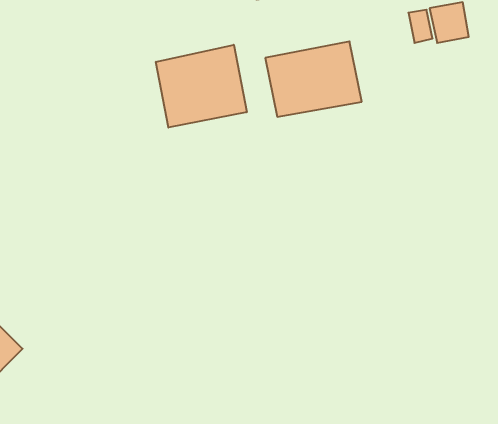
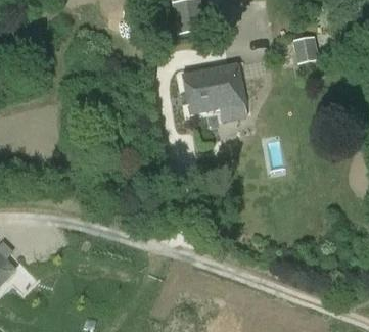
building: [156,45,247,128] -> none

